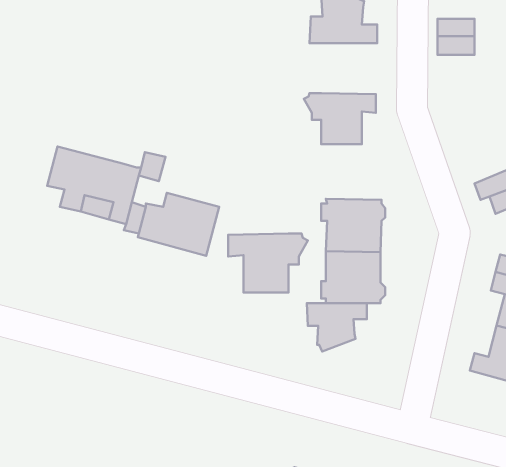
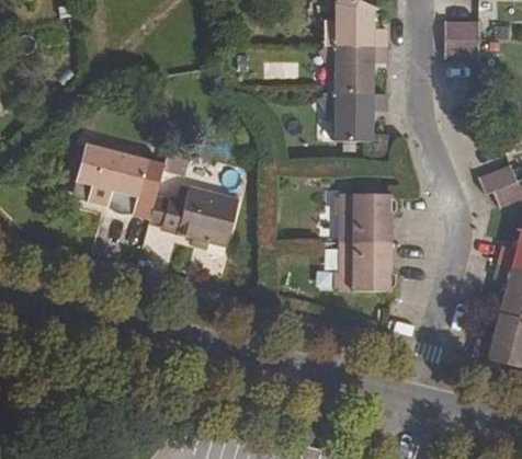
building: none -> [318,46,387,93]
building: [228,234,308,293] -> none
building: [307,303,367,352] -> none

